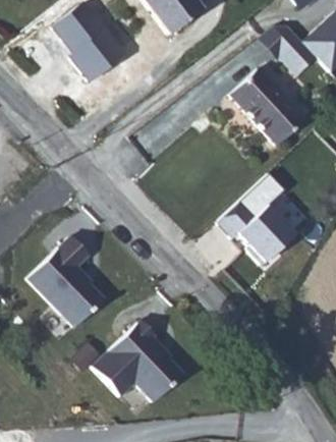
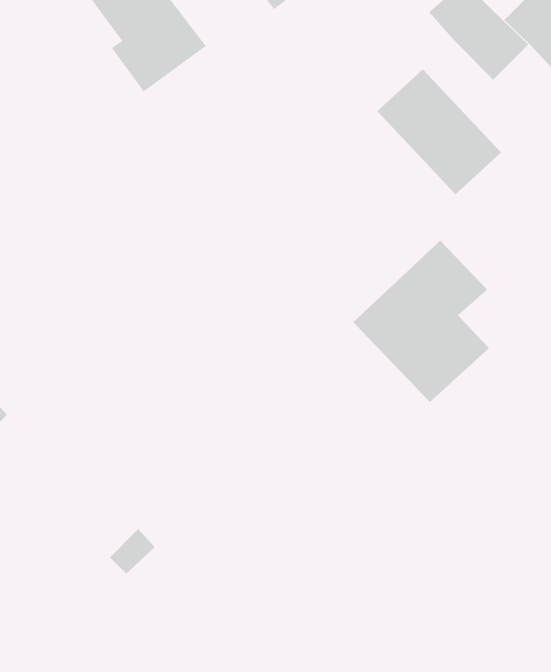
building: [29,236,104,327] -> none
building: [93,320,183,403] -> none

